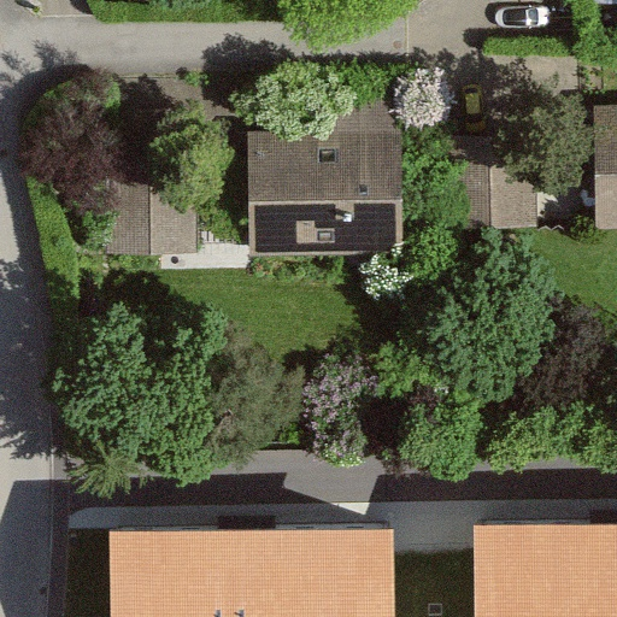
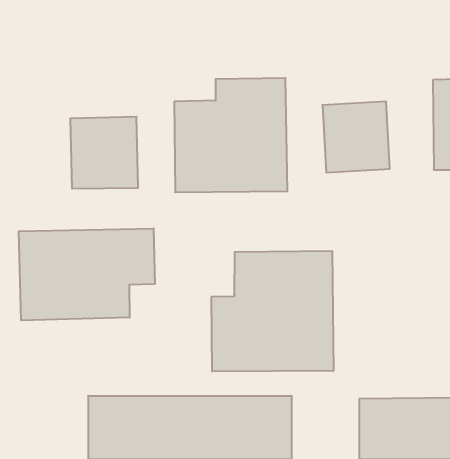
building: none -> [19,228,155,320]
building: none -> [212,251,333,371]

